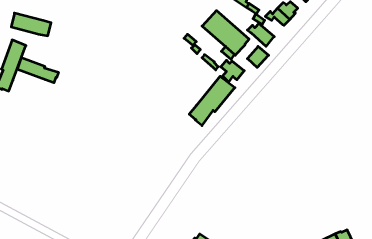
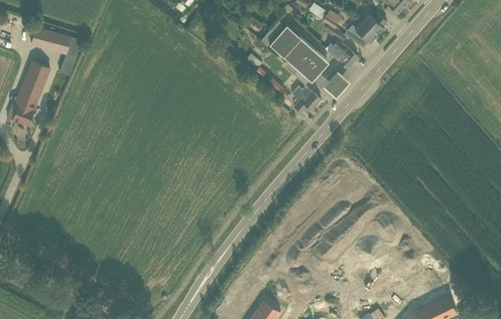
building: [17,57,58,83] -> none
building: [189,76,235,126] -> none

